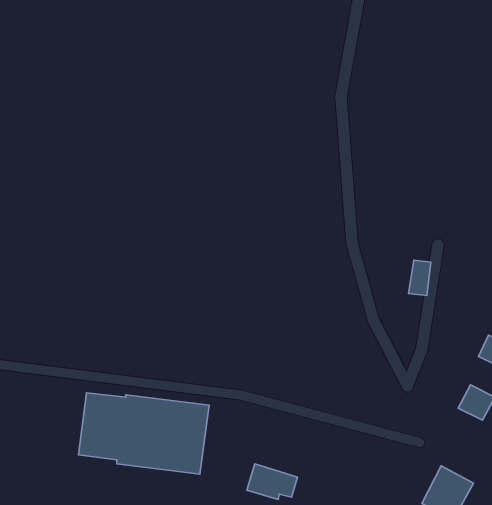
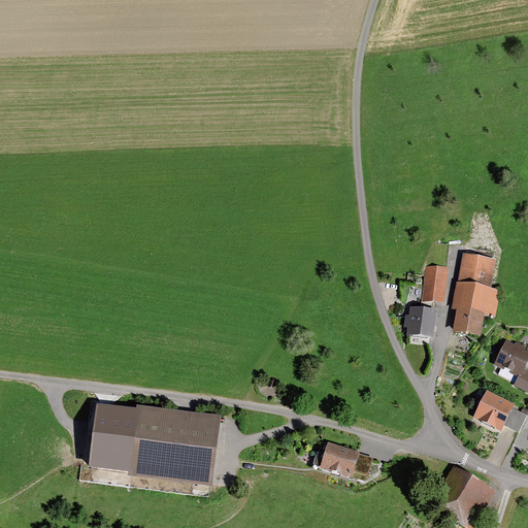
building: none -> [457,258,496,342]
building: none -> [406,310,433,344]
building: [247,464,297,499] -> [319,442,370,478]

